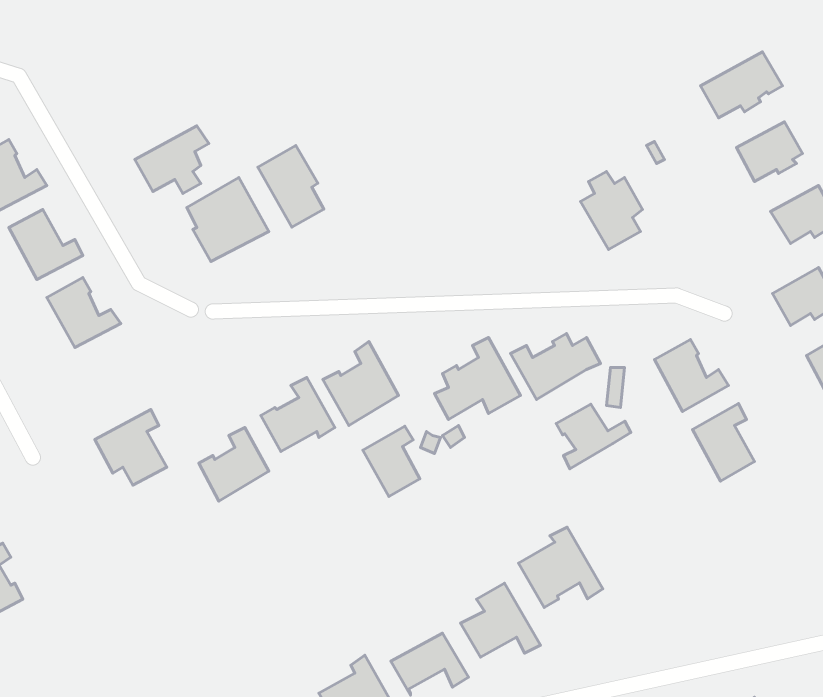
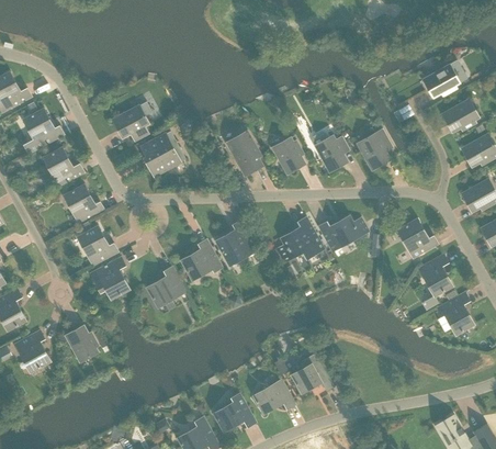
building: [258,145,324,227] -> [226,131,262,176]
building: none -> [312,131,347,171]
building: none -> [272,137,305,173]
building: none -> [77,226,117,265]
building: [556,404,631,469] -> none
building: [363,426,420,497] -> none
building: none -> [437,292,474,334]
building: [518,527,603,607] -> none
building: none -> [66,325,98,361]

